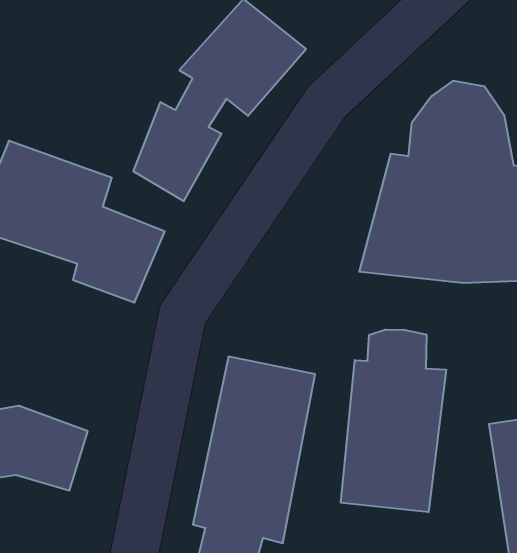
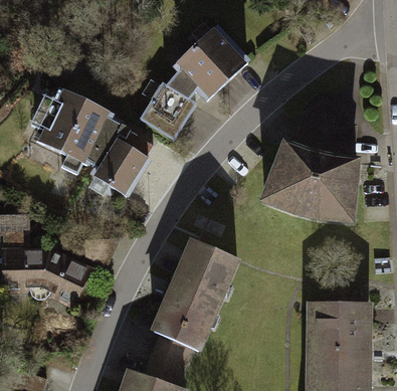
building: [341,329,446,512] -> none

